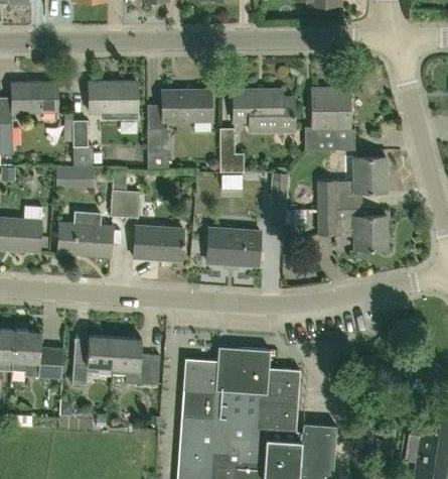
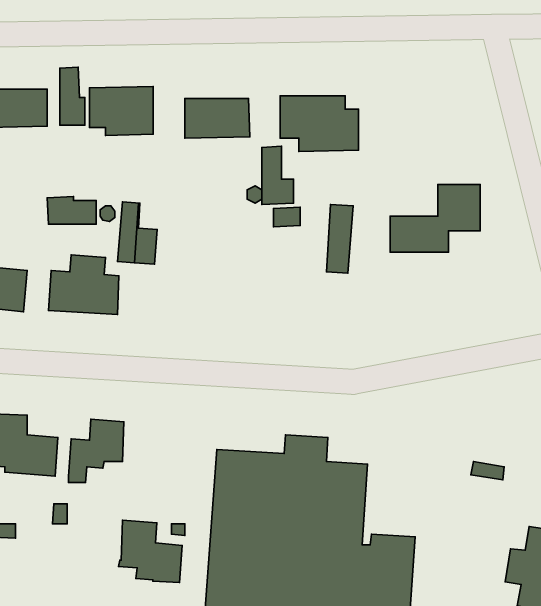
building: [305,89,350,149] -> none
building: [73,121,93,165] -> [60,67,85,125]
building: [147,127,168,168] -> none
building: [317,208,386,249] -> none
building: [132,224,181,260] -> none
building: [205,227,259,266] -> none
building: [112,337,160,384] -> [118,520,182,583]

